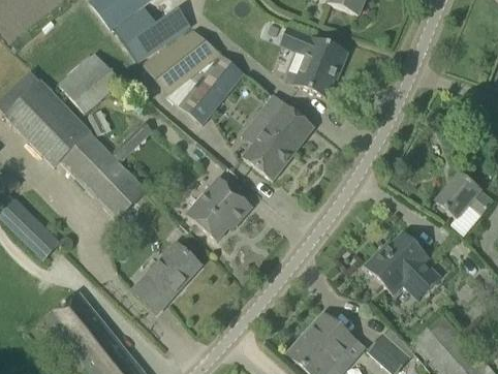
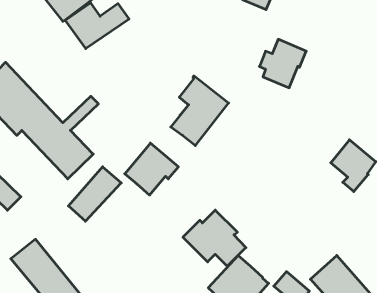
building: [142,29,244,123] -> none
building: [289,36,346,95] -> [259,39,306,88]
building: [59,54,118,112] -> none
building: [364,230,440,299] -> [183,210,246,266]
building: [135,244,199,310] -> [68,167,121,221]

